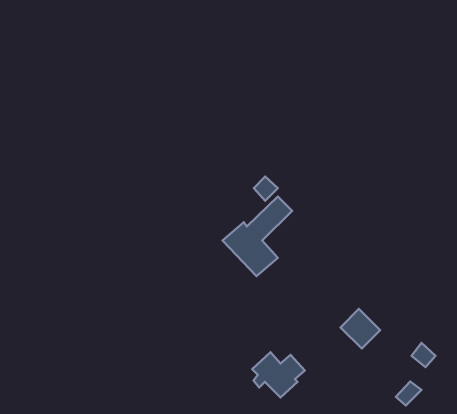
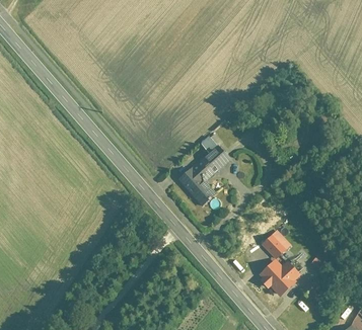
building: [252,352,305,398] -> [262,259,299,292]

